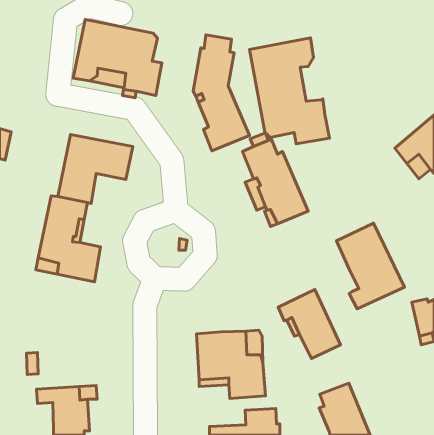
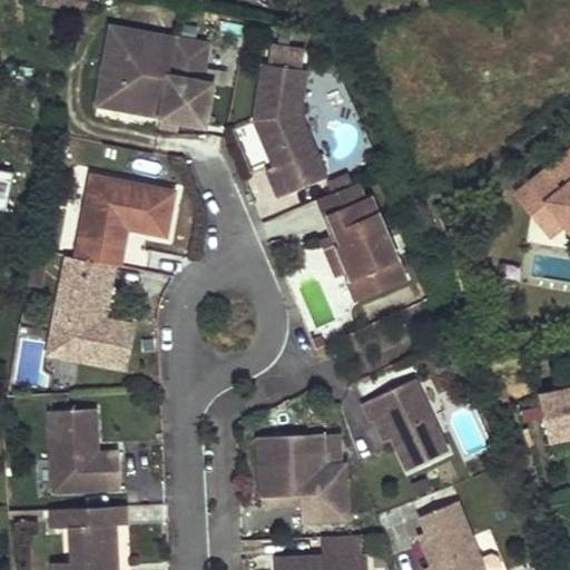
building: [249,38,330,144] -> none
building: [337,223,404,309] -> none
building: none -> [49,407,120,491]

